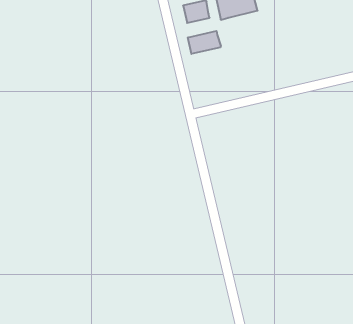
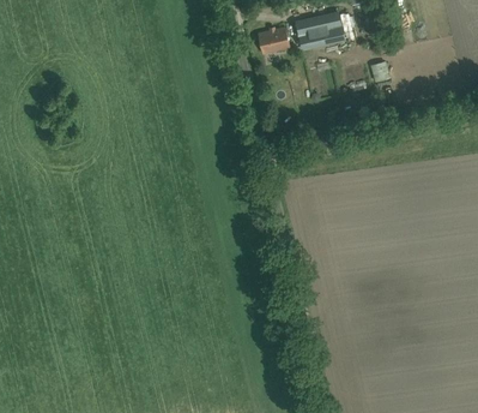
building: [188,31,221,54] -> none

